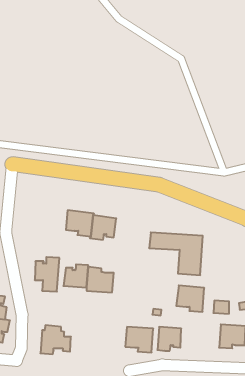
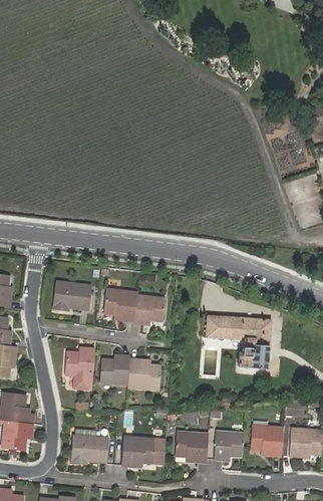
building: none -> [52,281,90,311]
building: [176,285,204,312] -> [250,426,284,458]
building: none -> [123,436,167,465]

